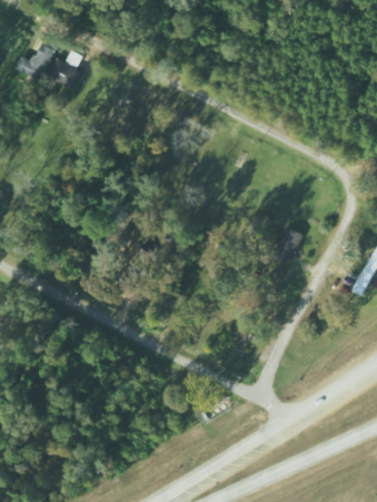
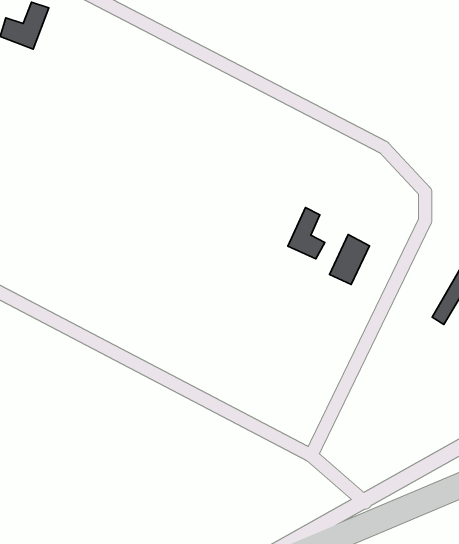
building: [46,50,80,88] -> none
building: none -> [288,208,325,259]

